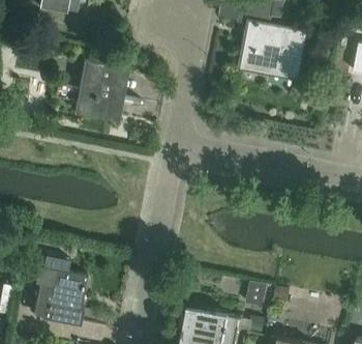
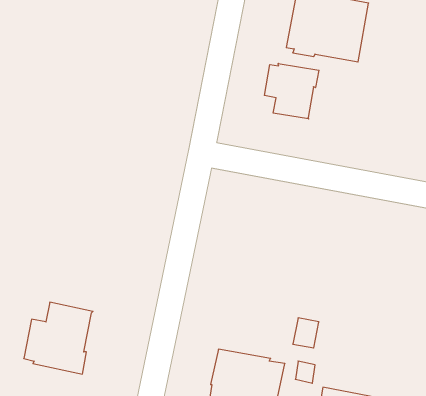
building: [73,59,128,120] -> none
building: none -> [264,63,319,119]

